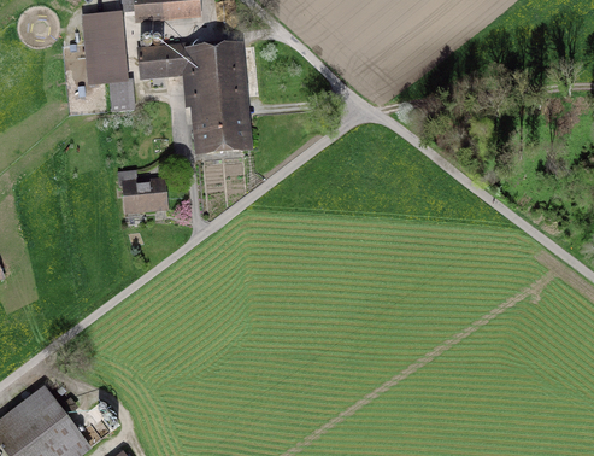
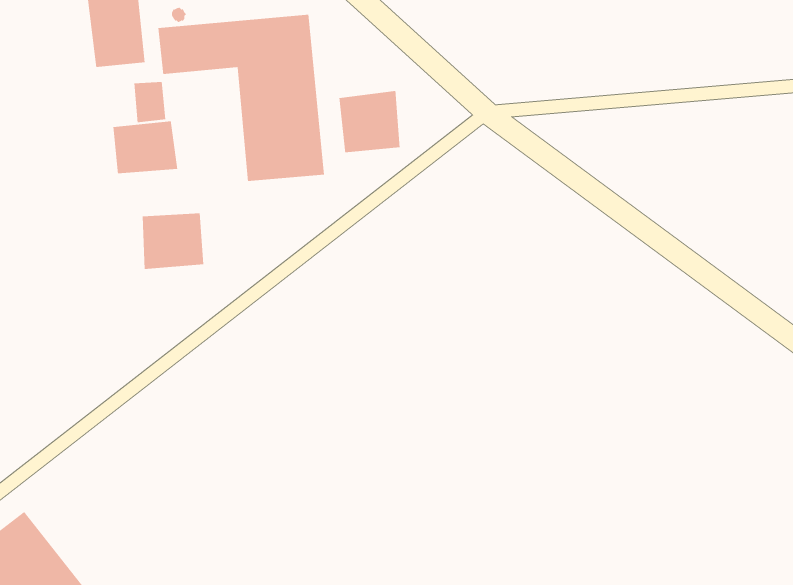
building: none -> [339,90,400,153]
building: none -> [113,121,178,174]

